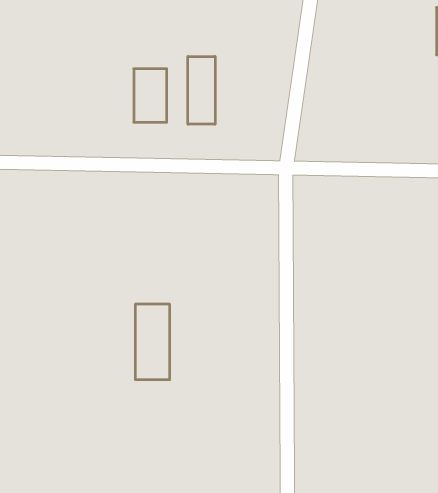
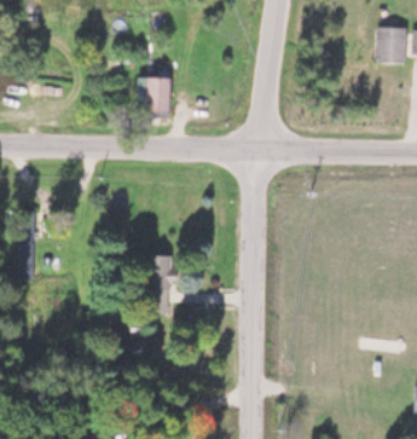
building: [188,56,215,124] -> none

